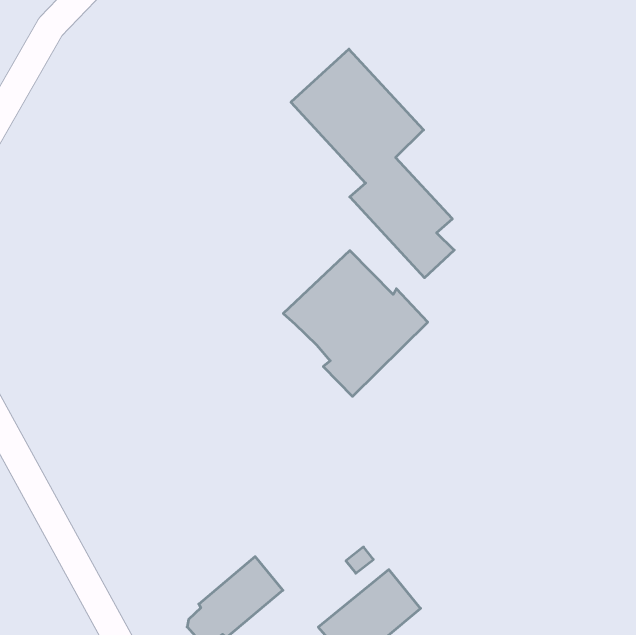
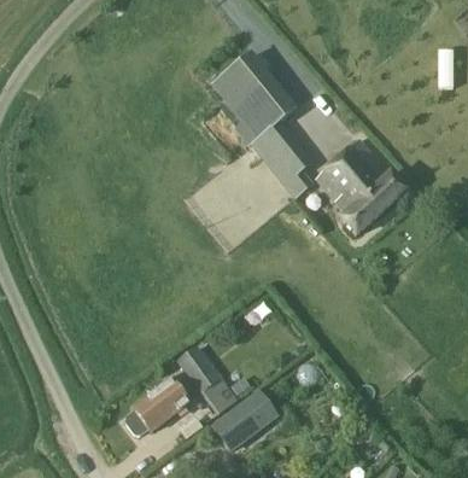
building: [283,251,428,396] -> [314,139,408,234]
building: none -> [177,344,235,412]

